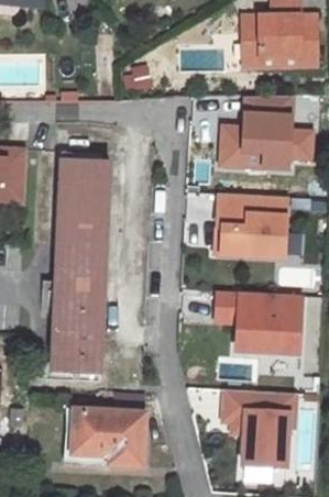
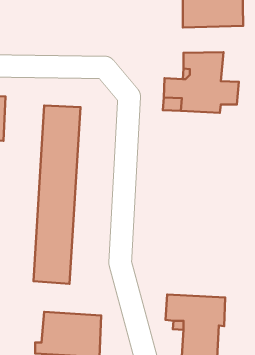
building: [218,197,292,257] -> none
building: [212,289,297,351] -> none

